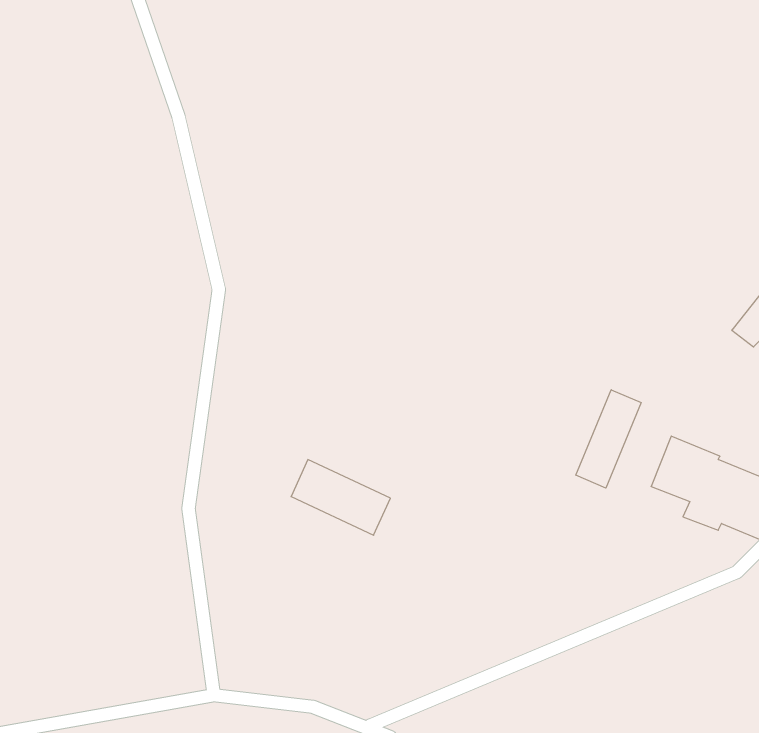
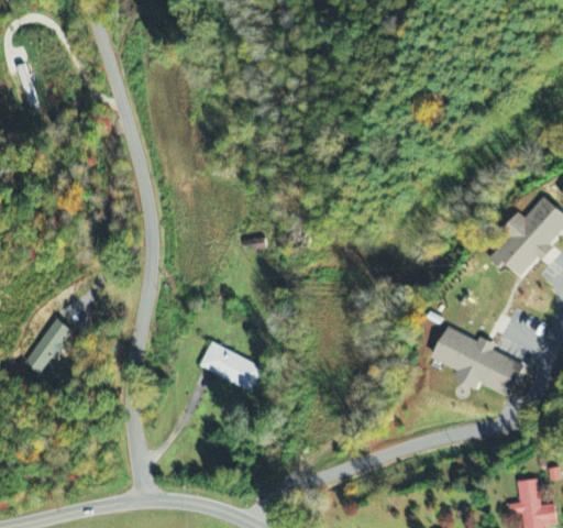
building: [576,390,641,488] -> none
building: none -> [23,318,71,375]

